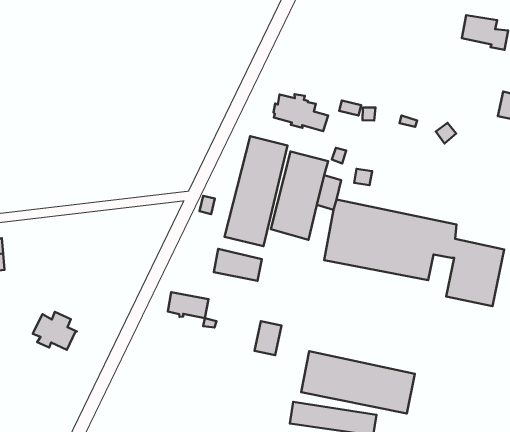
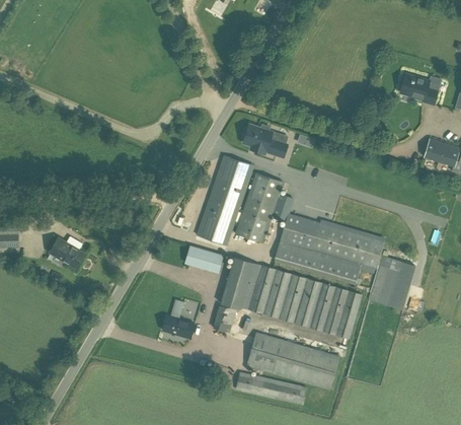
building: none -> [220,257,361,338]
building: [168,292,208,318] -> [162,314,196,338]
building: [33,312,77,350] -> [49,235,84,267]

